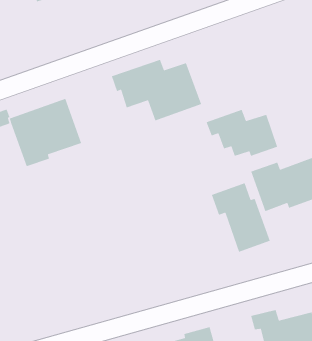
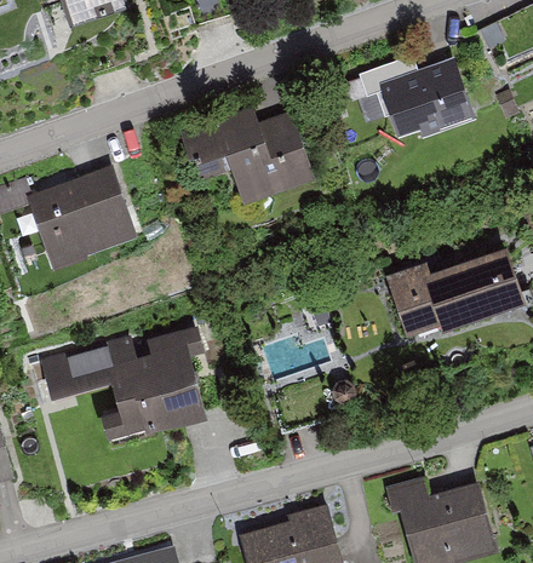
building: [206,109,278,157] -> [359,58,466,130]
building: [211,182,271,253] -> none
building: none -> [41,326,207,443]

